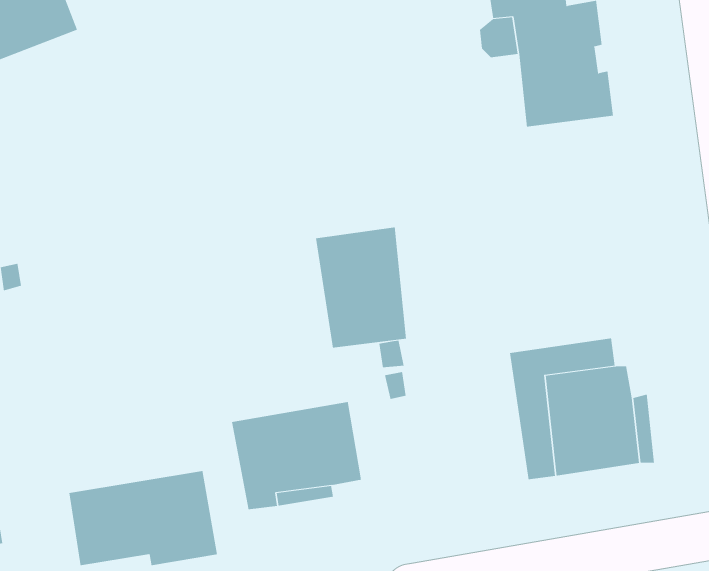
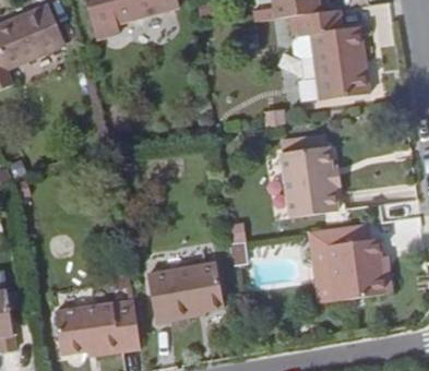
building: [315,227,407,348] -> [283,145,336,216]

